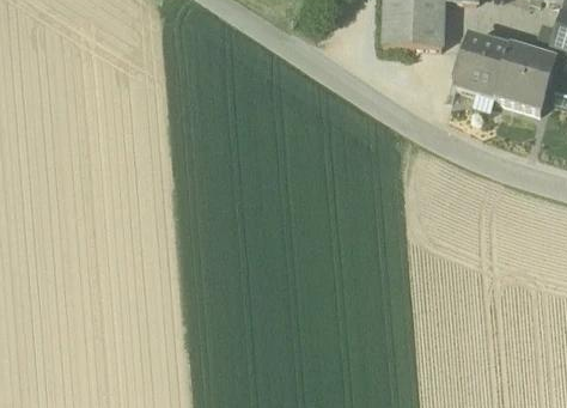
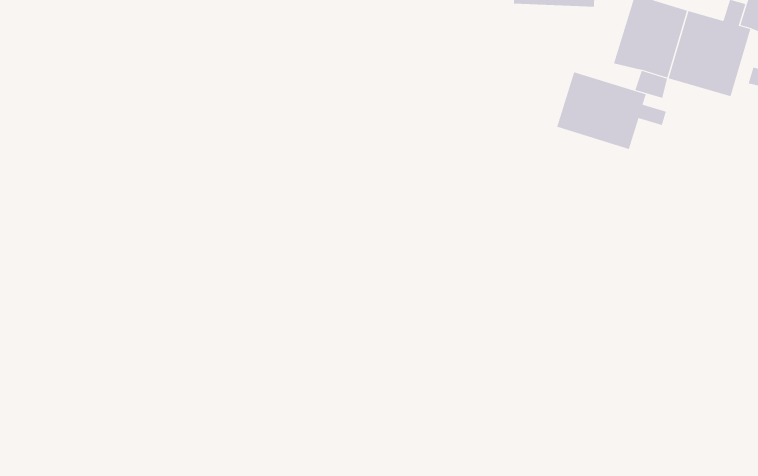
building: none -> [557,71,666,150]

